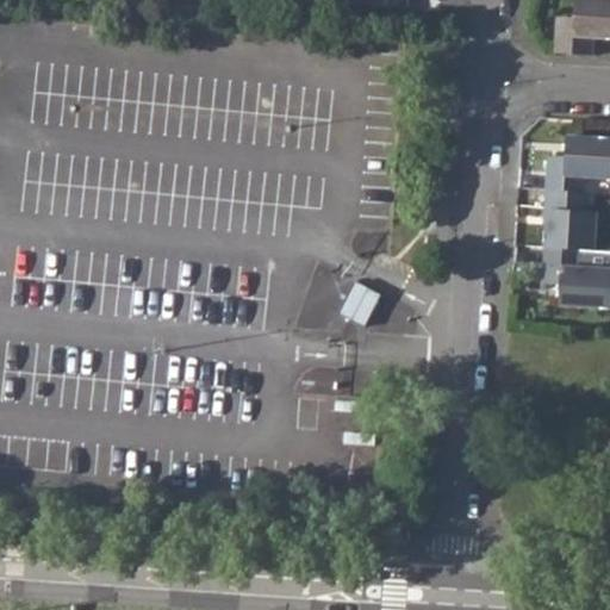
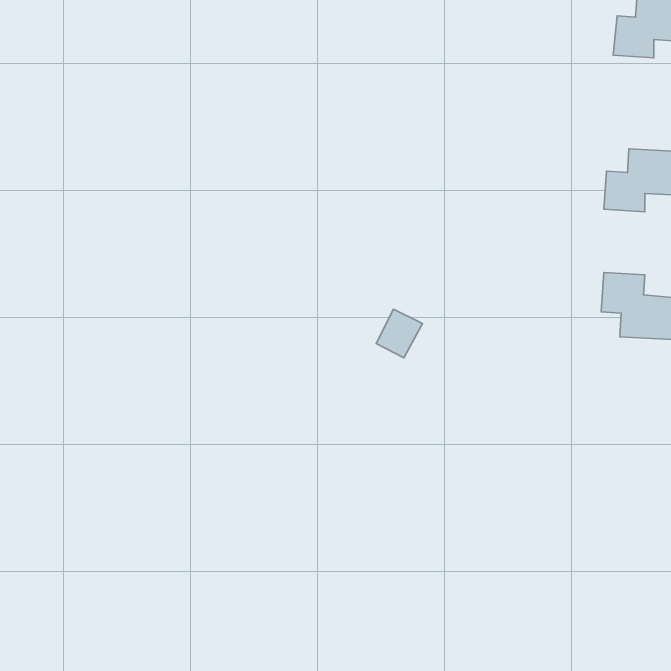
building: [547,189,598,249] -> none

